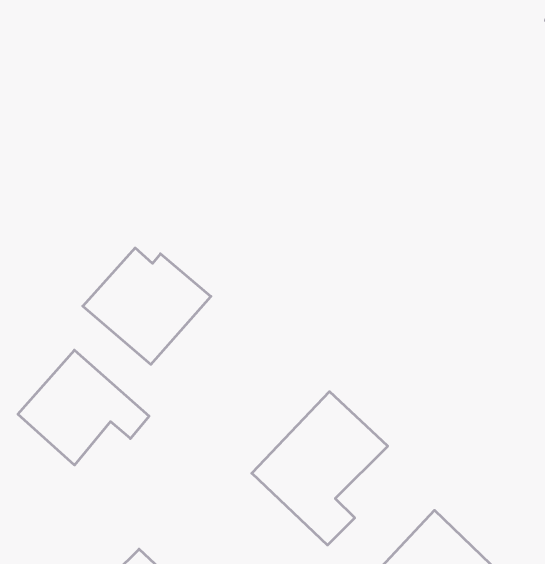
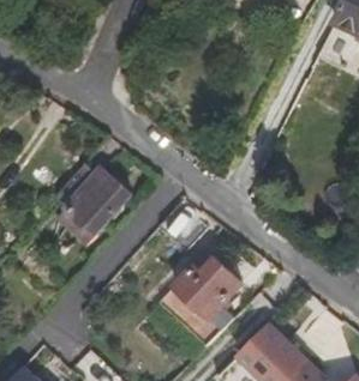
building: [18,350,149,465] -> none

